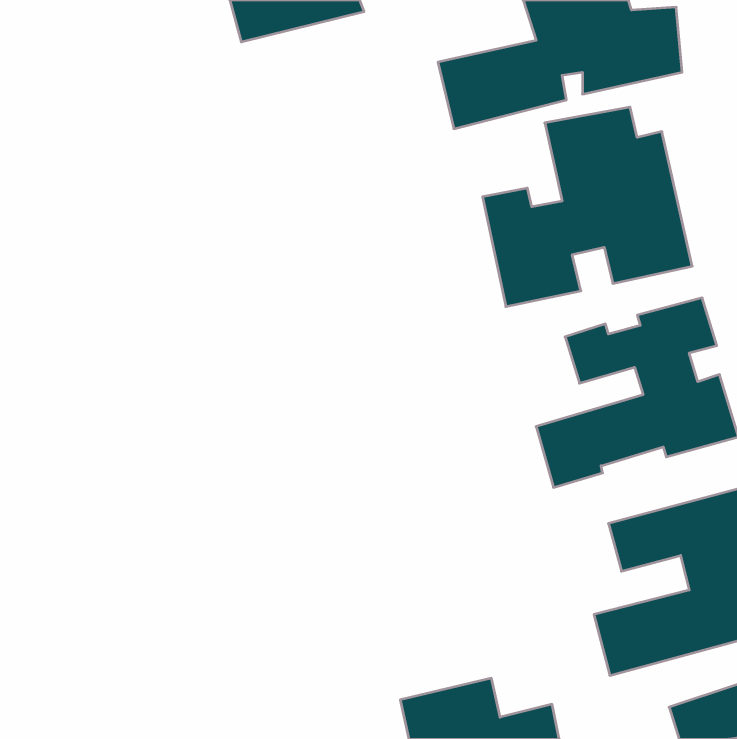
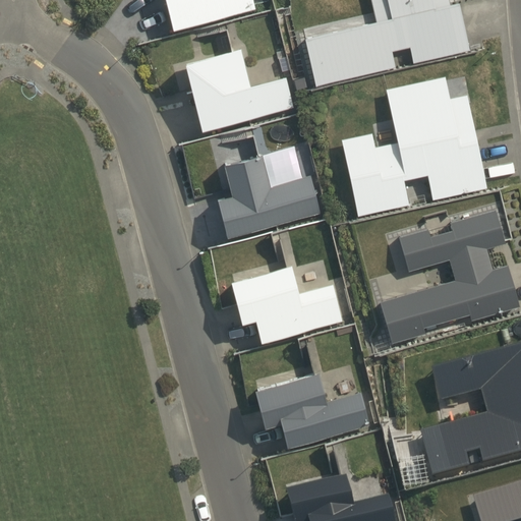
building: none -> [182,47,295,130]
building: none -> [217,153,323,236]
building: none -> [228,265,344,342]
building: none -> [252,371,370,446]

